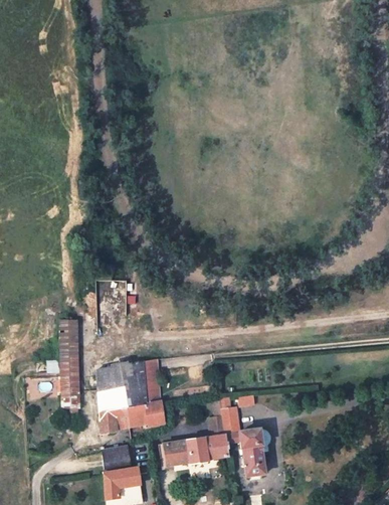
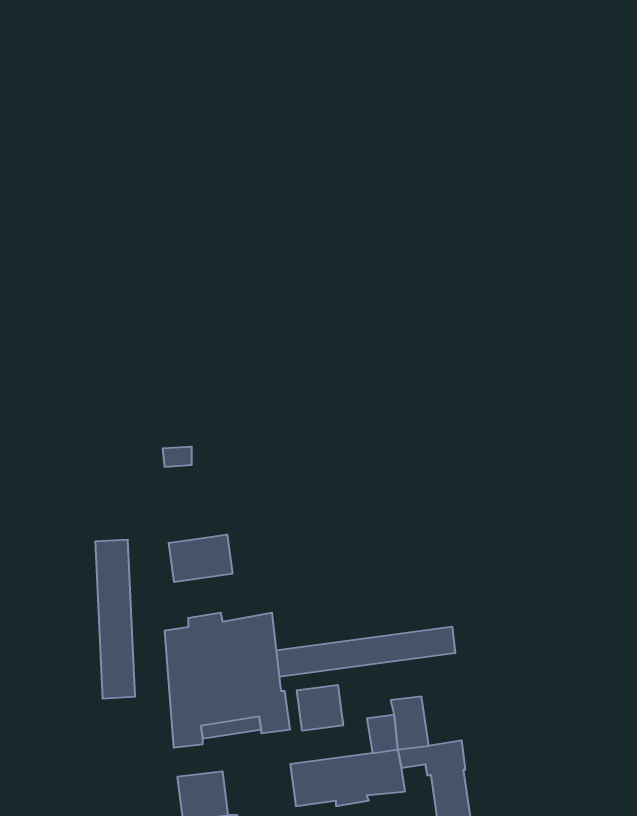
building: none -> [169,534,232,582]
building: none -> [276,627,455,677]
building: none -> [297,685,343,731]

